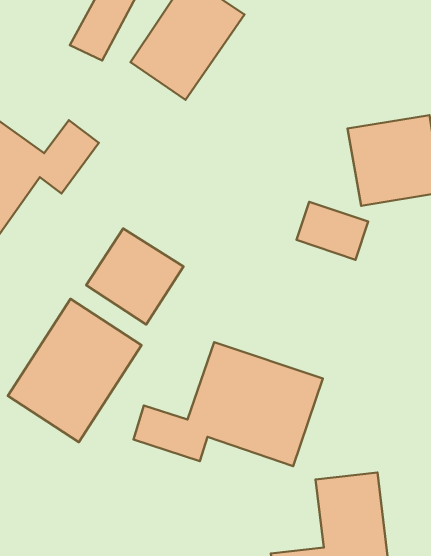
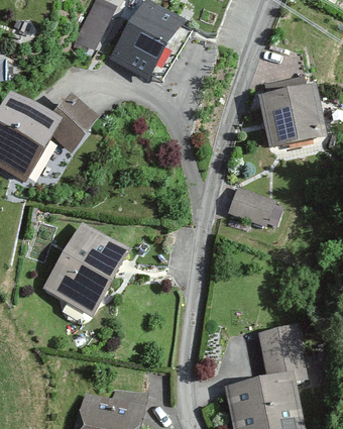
building: [296,202,368,260] -> [228,191,275,228]
building: [86,228,183,324] -> none
building: [133,342,323,466] -> none

